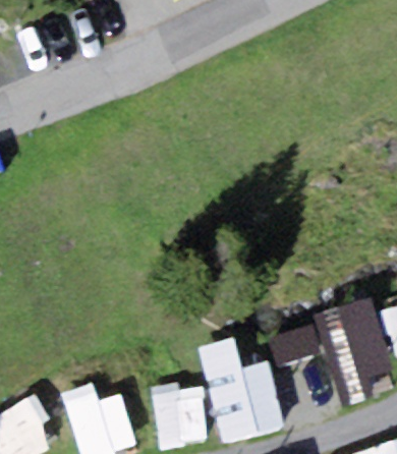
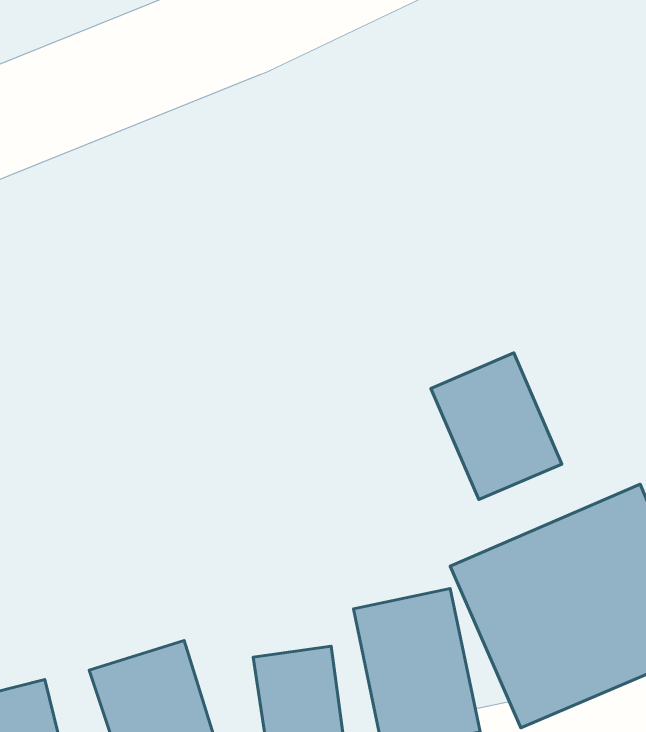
building: none -> [431,353,562,500]

